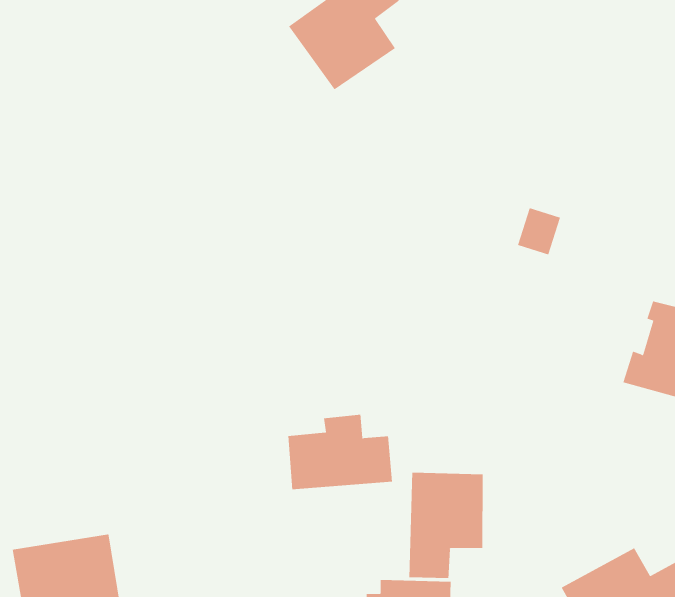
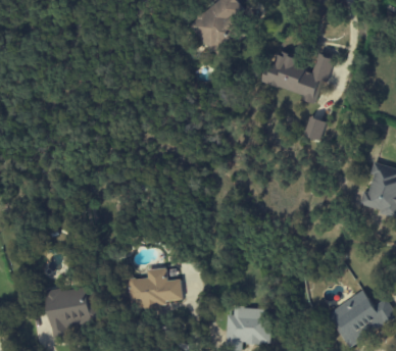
building: none -> [263,50,334,103]
building: [287,414,393,490] -> [129,267,183,306]
building: [409,472,483,579] -> none

